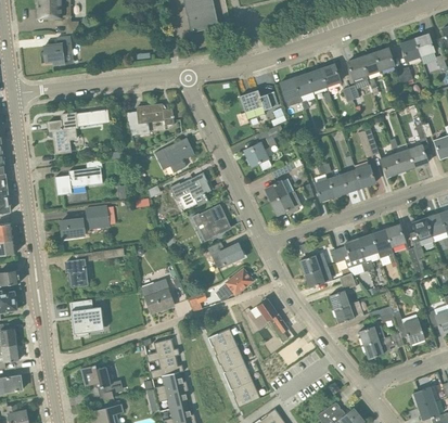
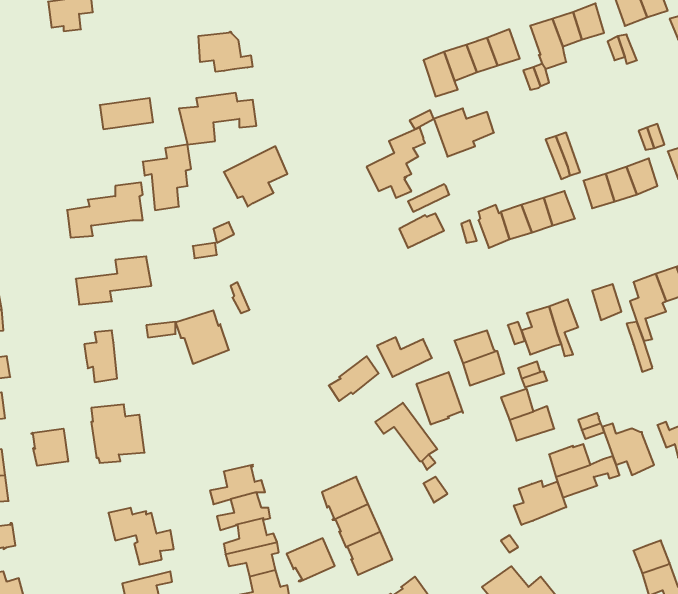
building: none -> [198,32,253,72]
building: [240,89,278,119] -> [434,108,494,157]
building: [48,111,78,152] -> [143,145,191,210]
building: [169,171,210,206] -> none
building: [270,190,299,215] -> none
building: [191,207,230,234] -> none
building: [371,228,396,261] -> none
building: [208,242,243,267] -> [377,337,432,377]
building: [140,279,174,312] -> [176,310,229,364]
building: none -> [417,372,463,425]
building: none -> [31,429,68,466]
building: [207,328,238,355] -> [287,538,335,581]
building: none -> [514,481,566,525]

